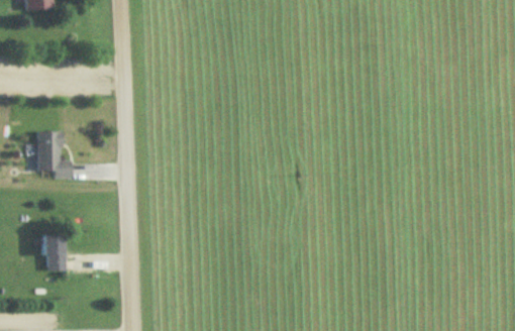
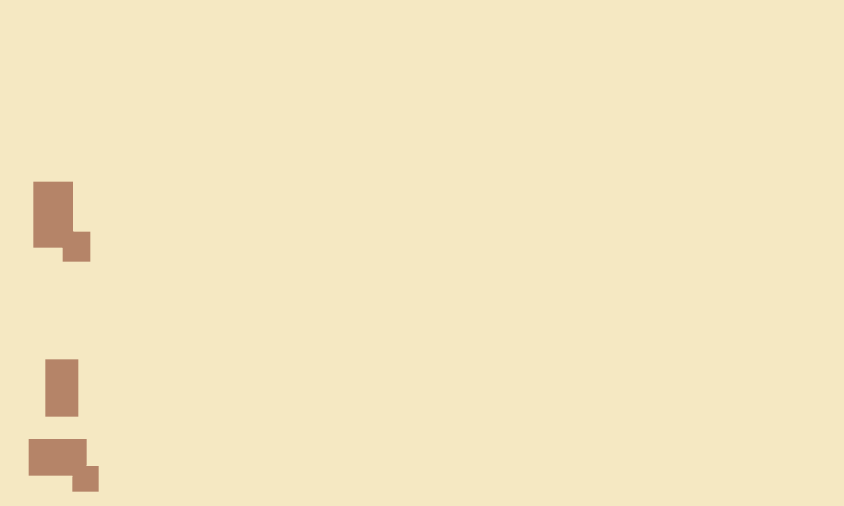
building: none -> [28,438,99,492]

